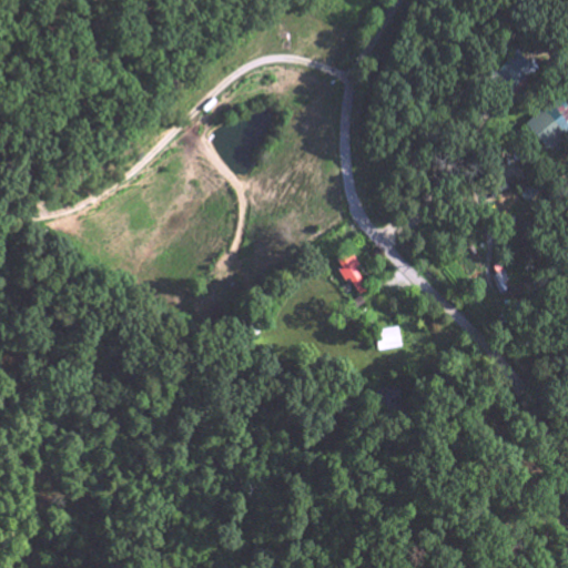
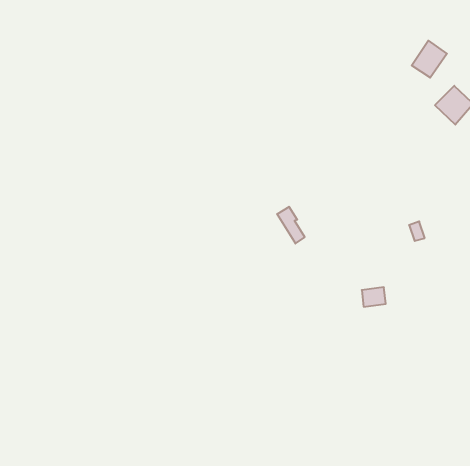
building: [375,325,404,348] -> [362,287,386,307]

